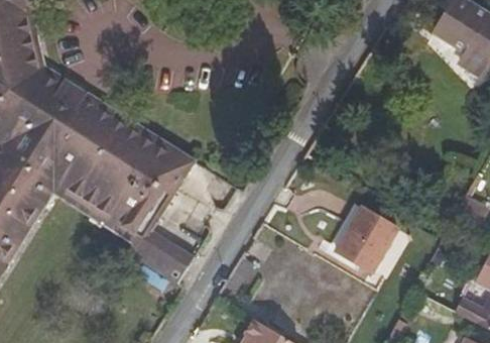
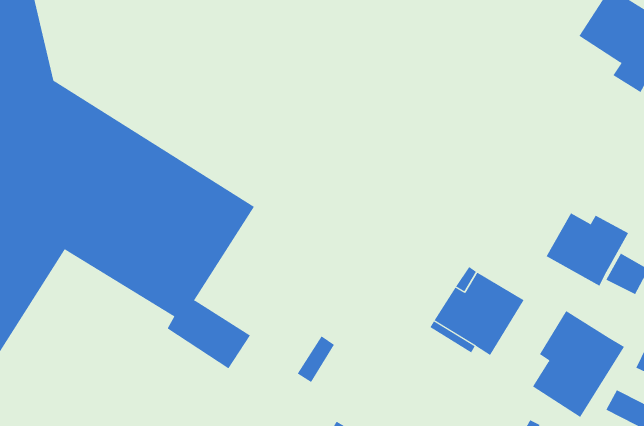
building: none -> [546,213,629,286]
building: none -> [532,310,625,418]

